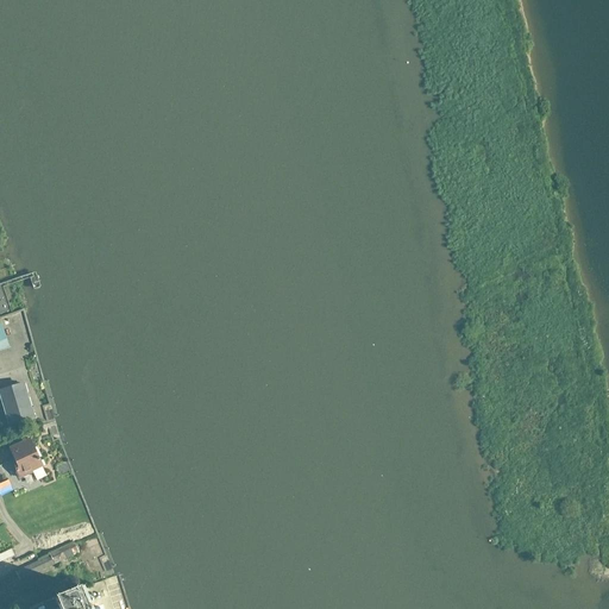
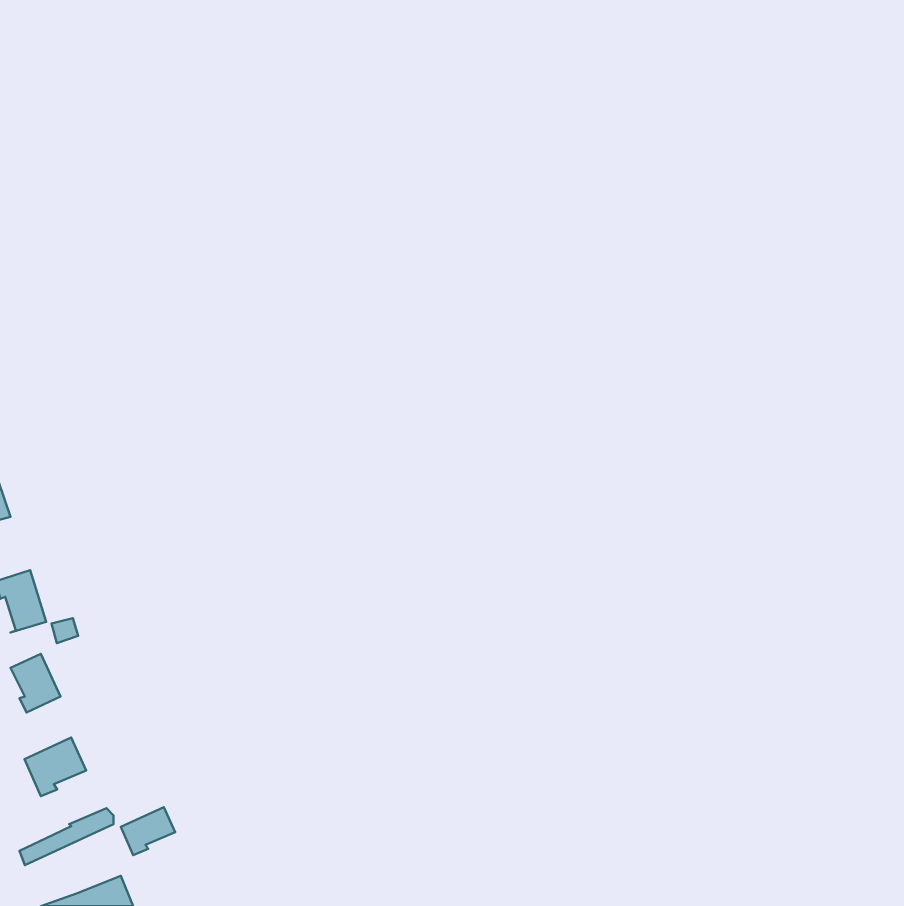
building: none -> [24,737,86,796]
building: none -> [121,807,175,855]

